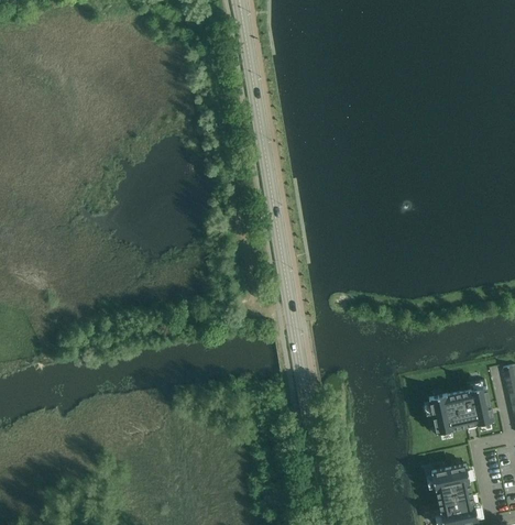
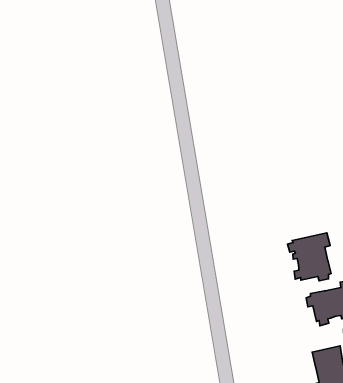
building: none -> [288,233,331,281]

